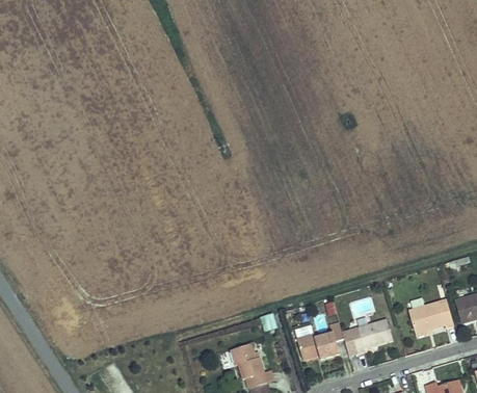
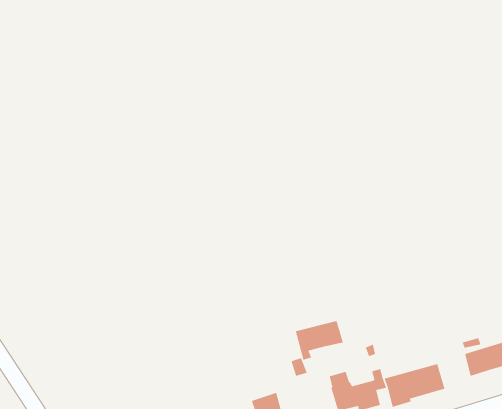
building: none -> [295,320,344,361]

